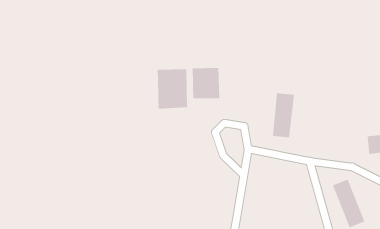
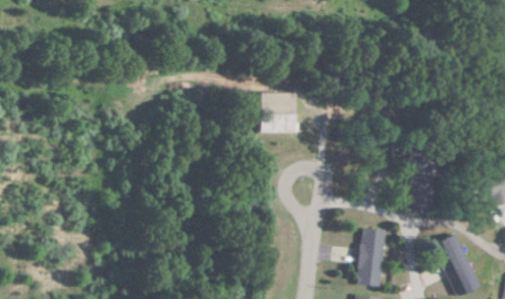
building: [157,69,188,110] -> none
building: [272,93,295,138] -> [357,229,386,286]

